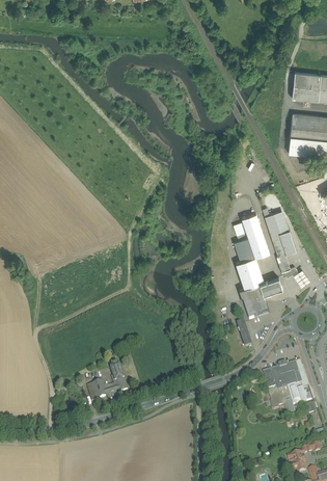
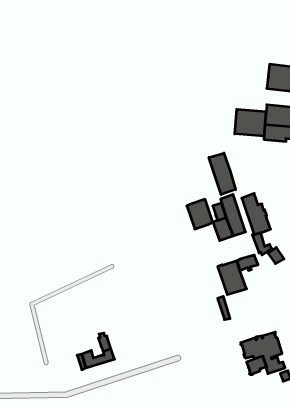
building: none -> [235,109,266,136]
building: none -> [209,153,236,195]
building: [235,257,263,289] -> [187,199,213,229]

